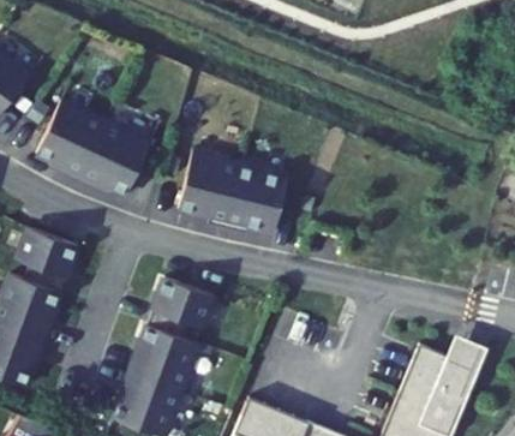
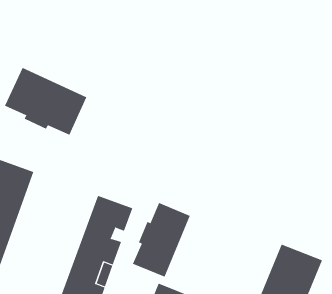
building: [179,149,291,233] -> none
building: none -> [132,202,190,278]

